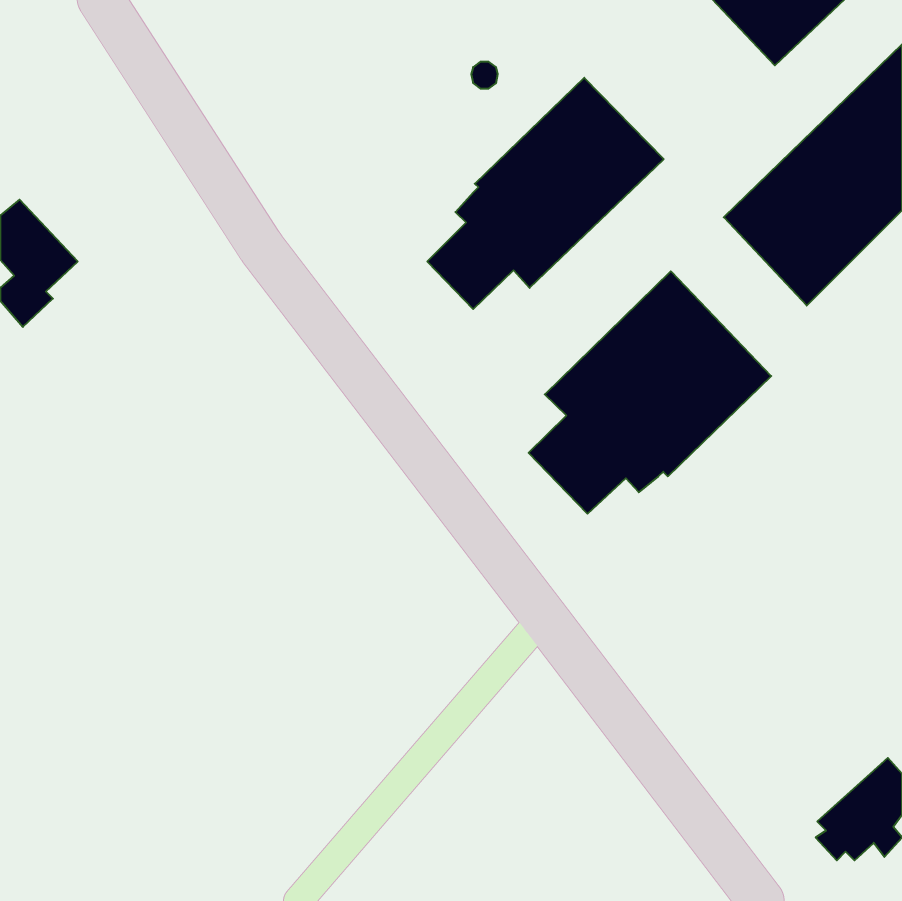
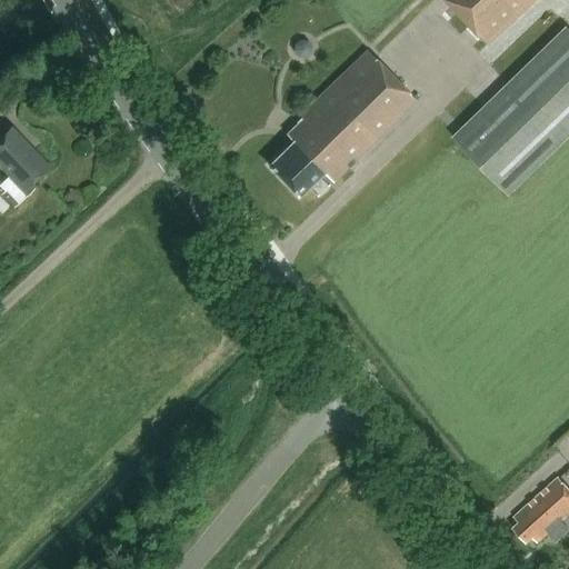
building: [529,271,771,514] -> none

